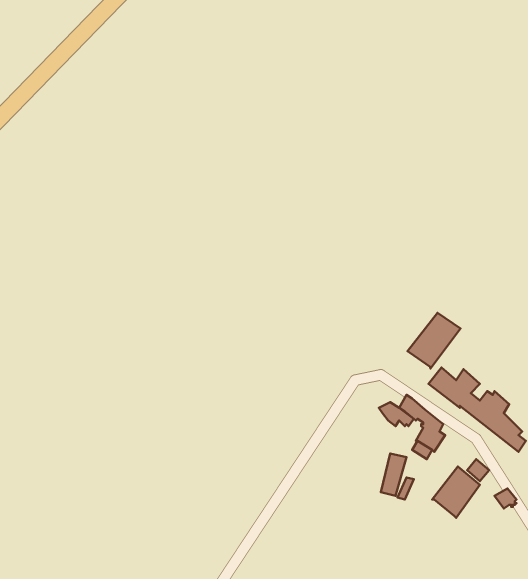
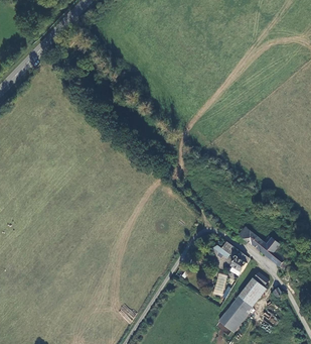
building: [407,313,460,369] -> none
building: none -> [220,298,251,332]

